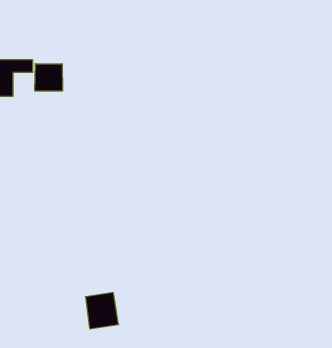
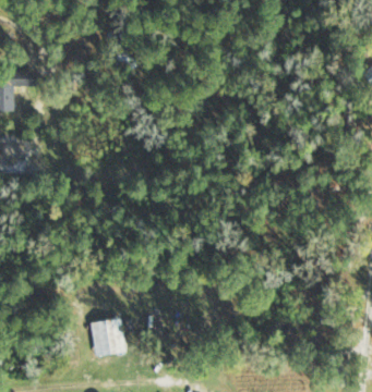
building: [35,64,62,91] -> none

